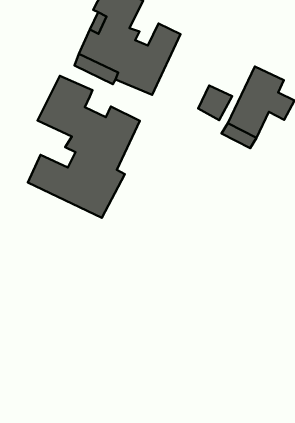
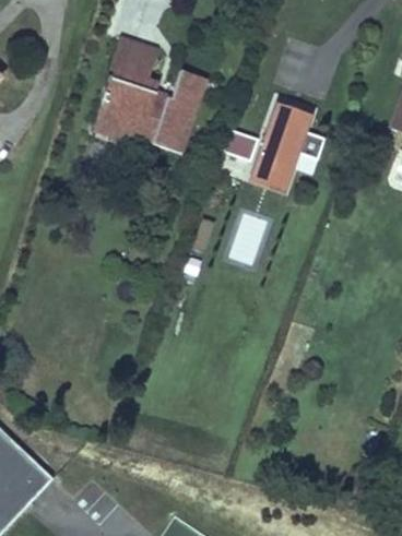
building: [28,76,140,218] -> none

